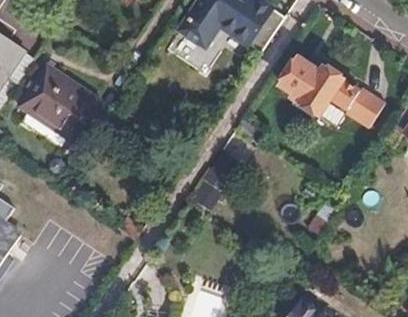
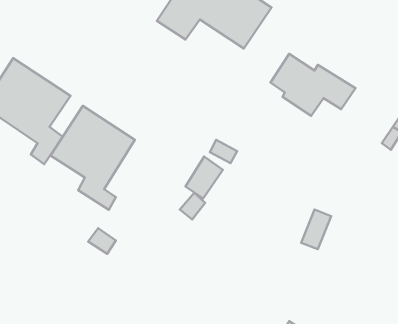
building: [343,86,383,127] -> none
building: none -> [50,106,135,210]

